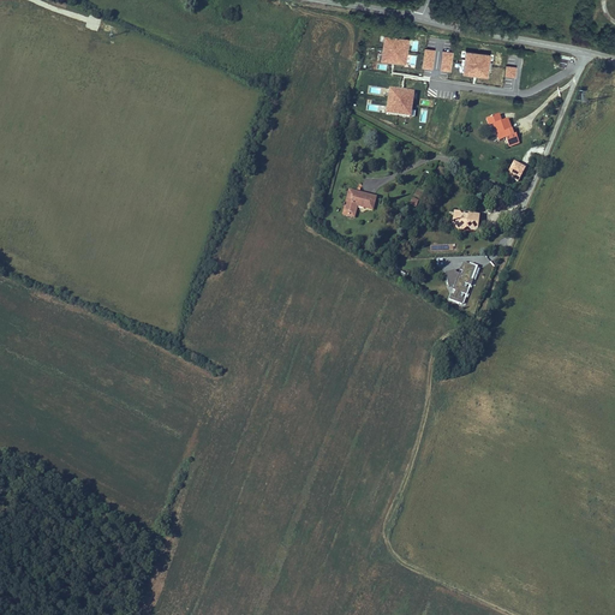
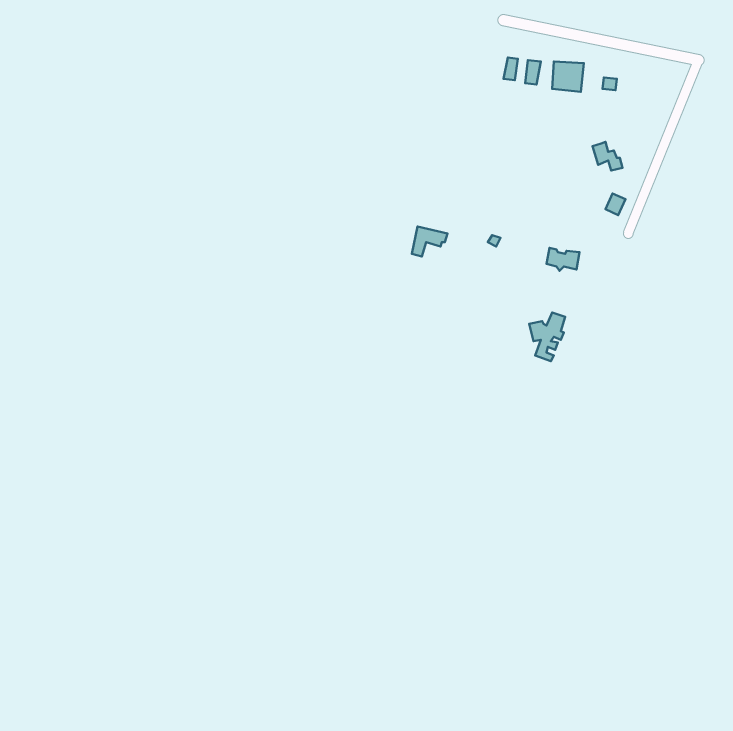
building: [381,37,408,64] -> none
building: [386,90,412,114] -> none

